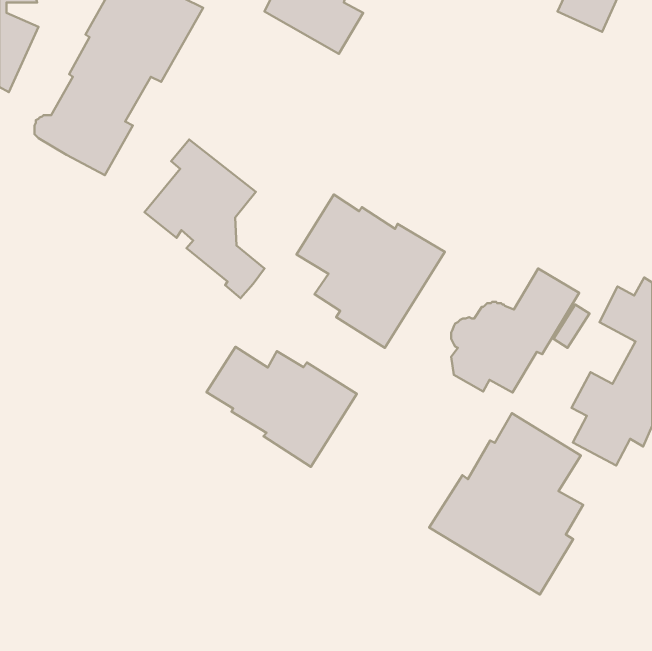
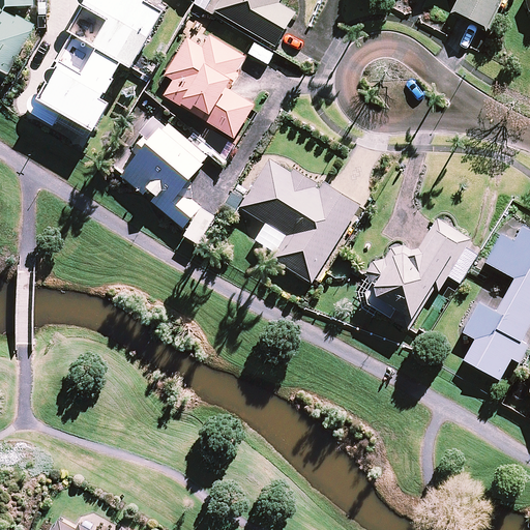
building: none -> [163,35,252,136]
building: [207,347,357,467] -> none
building: [429,413,583,595] -> none

